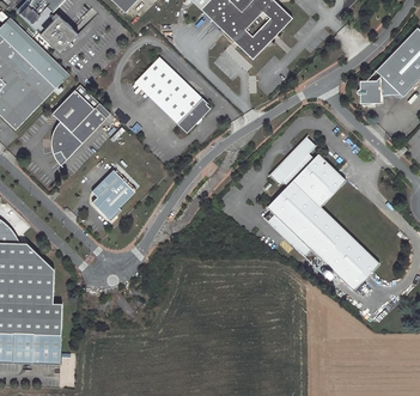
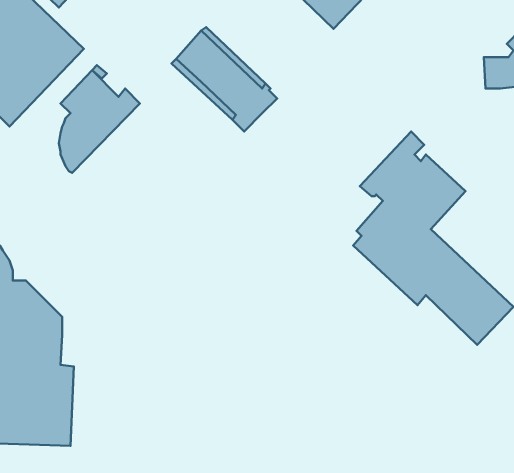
building: [91,170,133,219] -> none

